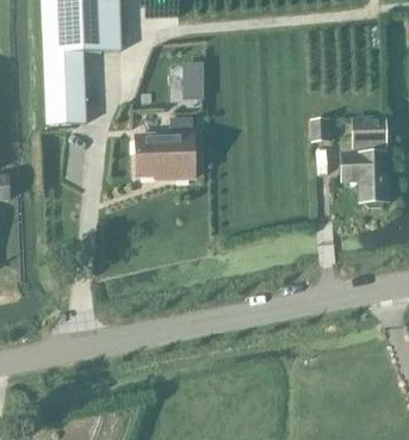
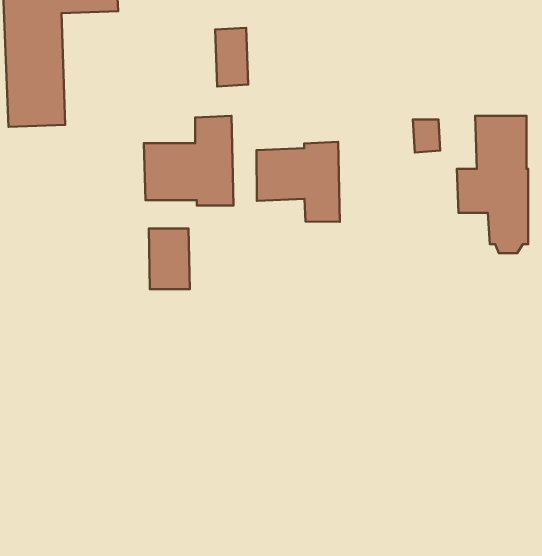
building: none -> [256,142,340,222]
building: none -> [149,229,190,289]

